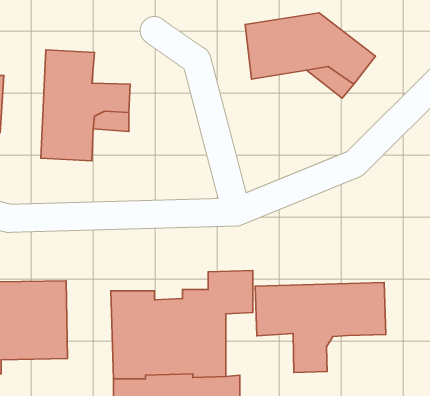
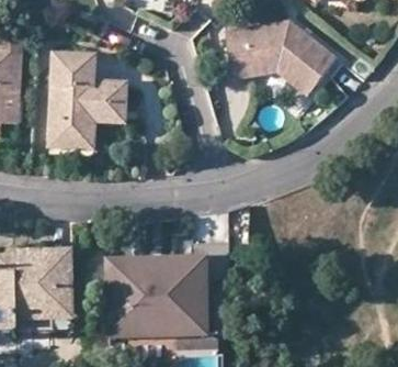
building: [255,282,386,373] -> none

